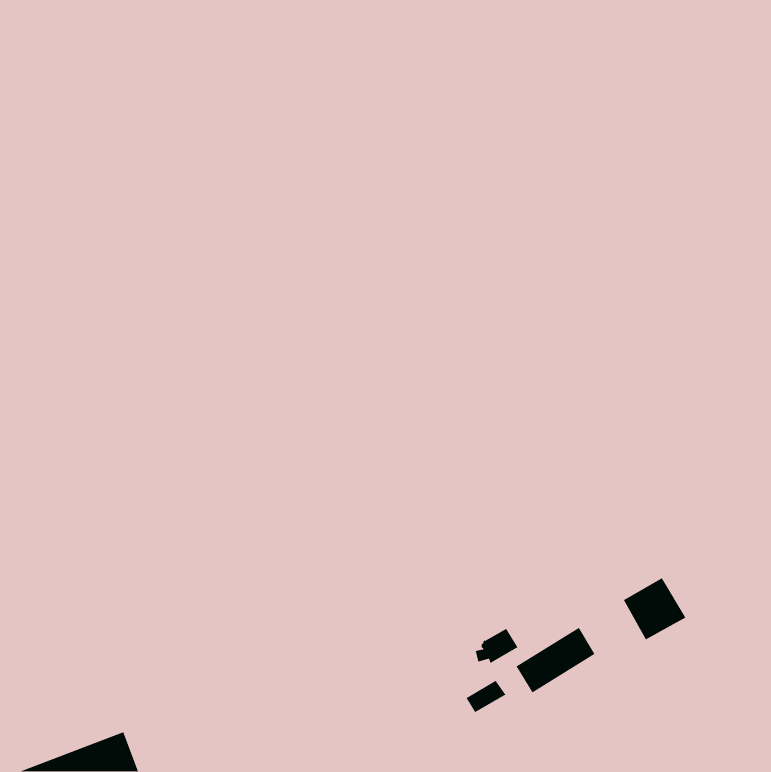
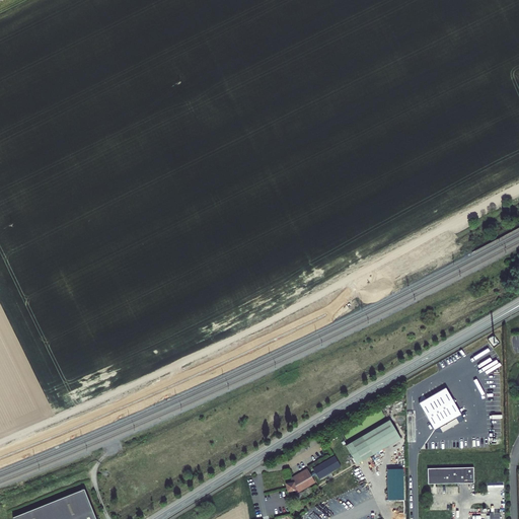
building: [475,628,519,664] -> [286,470,315,495]
building: none -> [427,467,472,485]
building: none -> [386,469,402,499]

